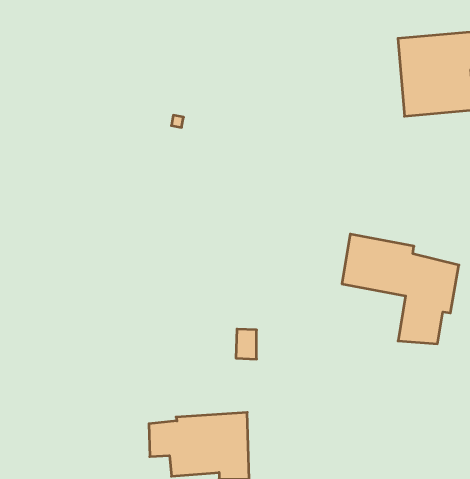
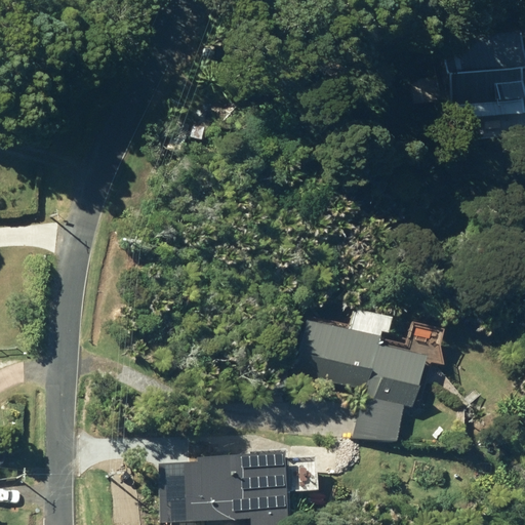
building: [342,234,459,344] -> [297,319,426,439]

